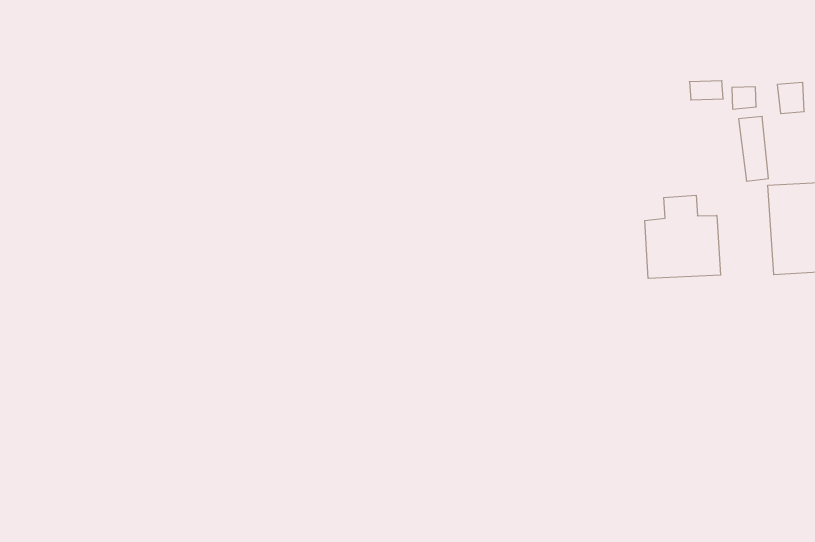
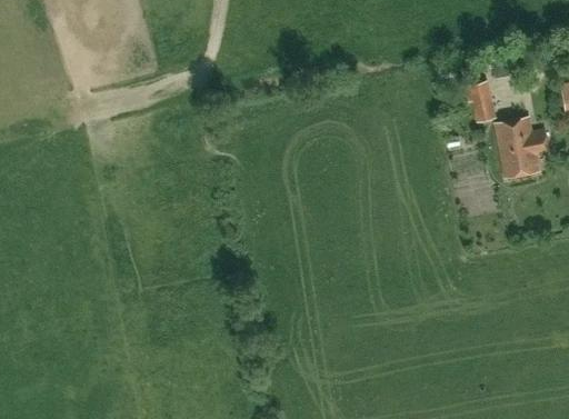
building: [645,195,721,278] -> none

